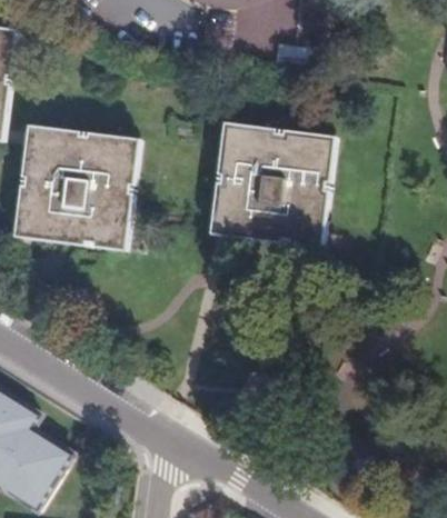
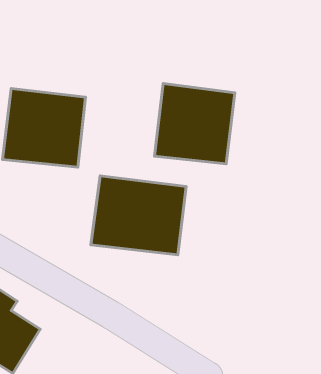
building: none -> [91,176,186,255]

